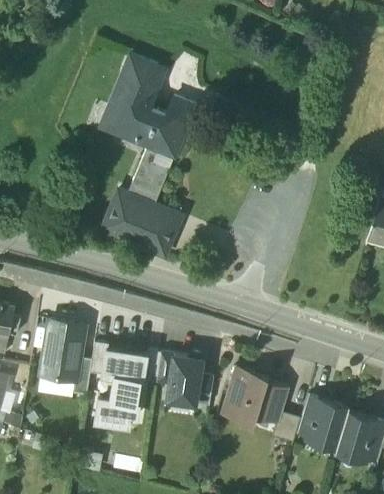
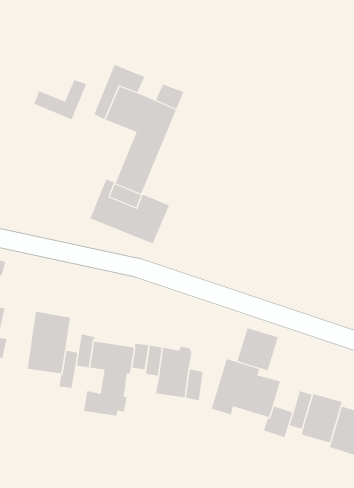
building: [124,55,158,88] -> none
building: none -> [34,79,87,120]
building: none -> [237,327,279,371]

